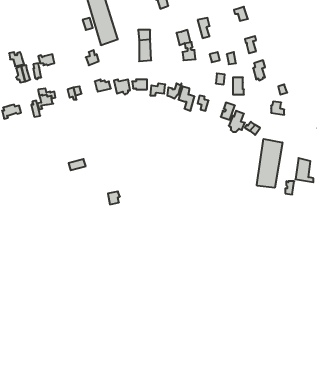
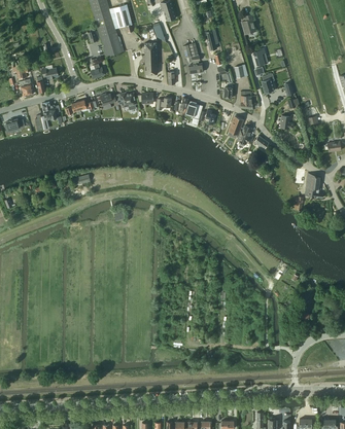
building: [257,139,282,188] -> none

